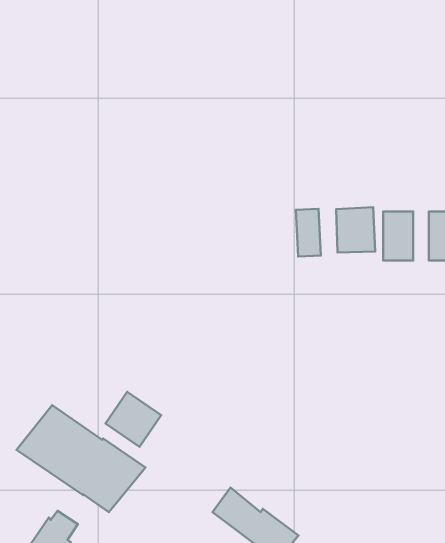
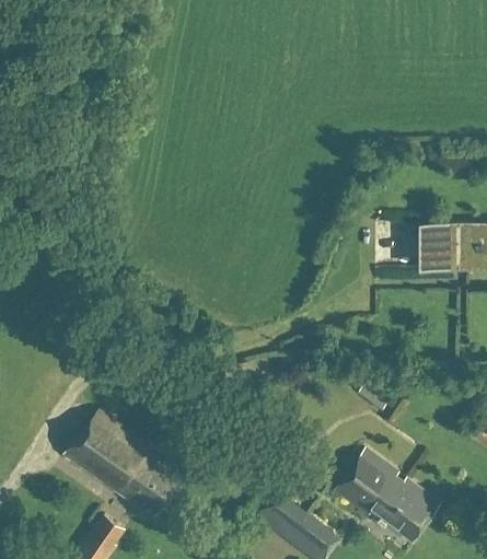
building: [296,209,321,256] -> none
building: [106,392,161,447] -> none
building: none -> [337,451,439,540]

